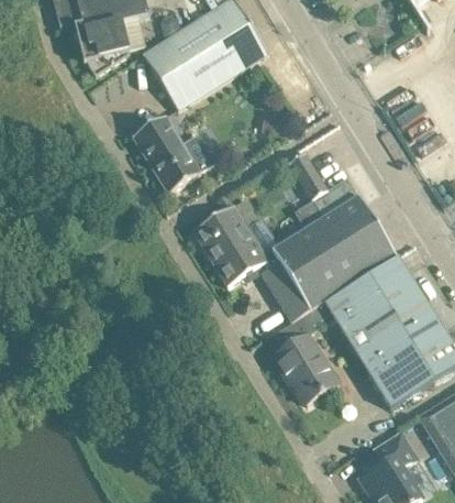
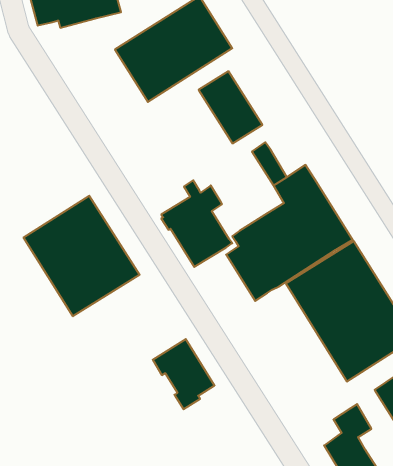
building: [75,20,130,76] -> none
building: [133,114,201,192] -> [199,71,262,143]
building: none -> [24,196,140,316]
building: [273,333,339,408] -> [153,339,215,409]

